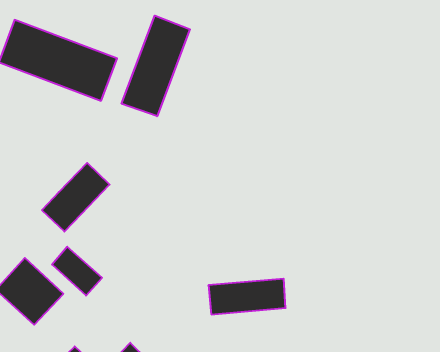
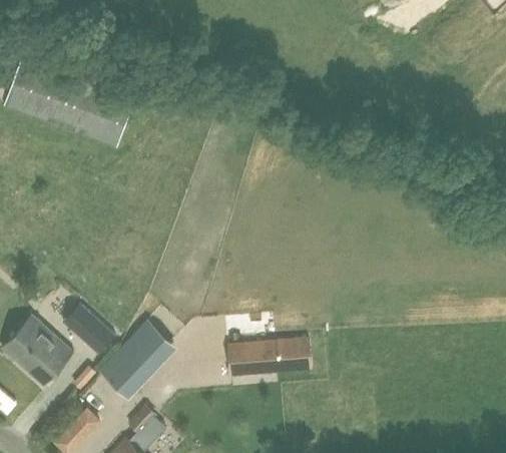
building: [122,16,190,116] -> none
building: [42,163,110,232] -> [100,320,172,393]

